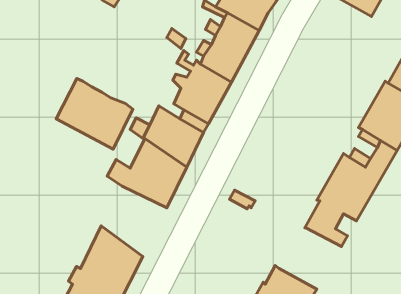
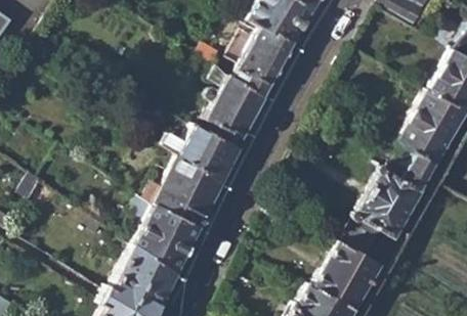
building: [56,78,133,149] -> none
building: none -> [133,204,201,276]
building: none -> [316,245,381,310]

